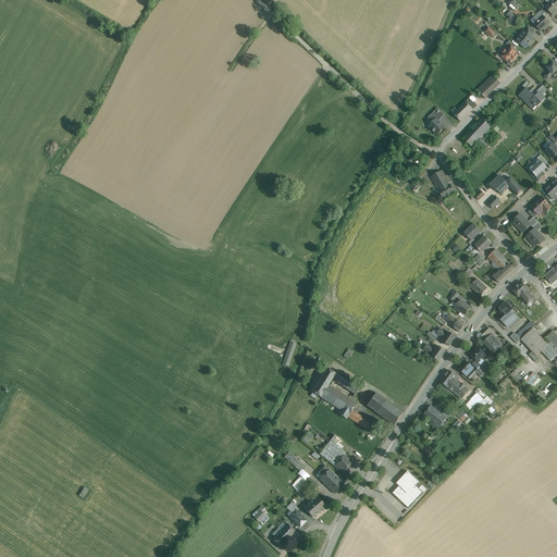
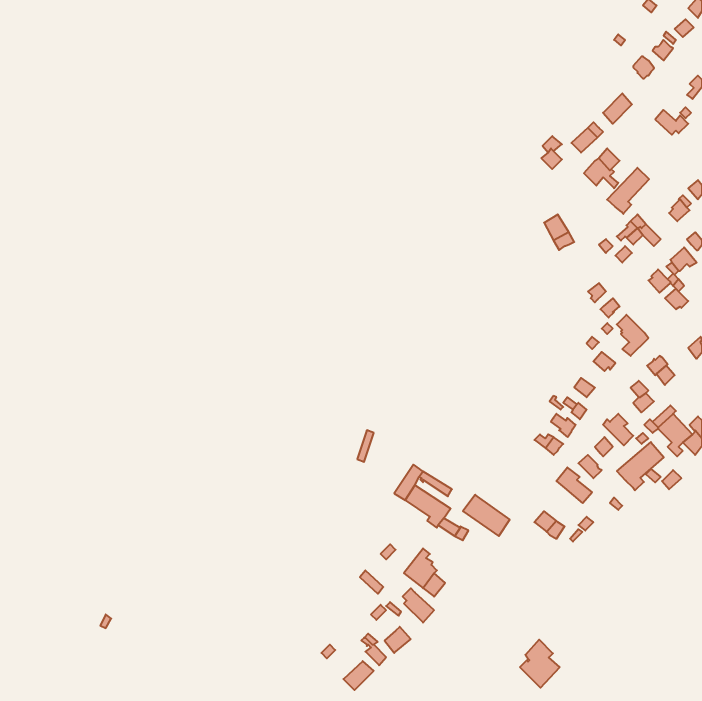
building: none -> [607,168,649,214]
building: none -> [617,442,664,490]
building: [393,470,424,508] -> [520,640,560,688]

